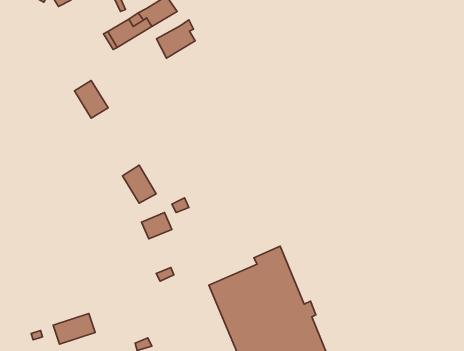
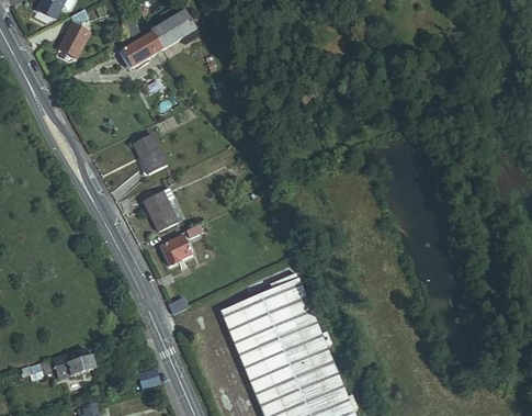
building: none -> [54,29,84,59]
building: [157,20,195,58] -> none
building: [74,80,108,118] -> [125,137,160,177]

